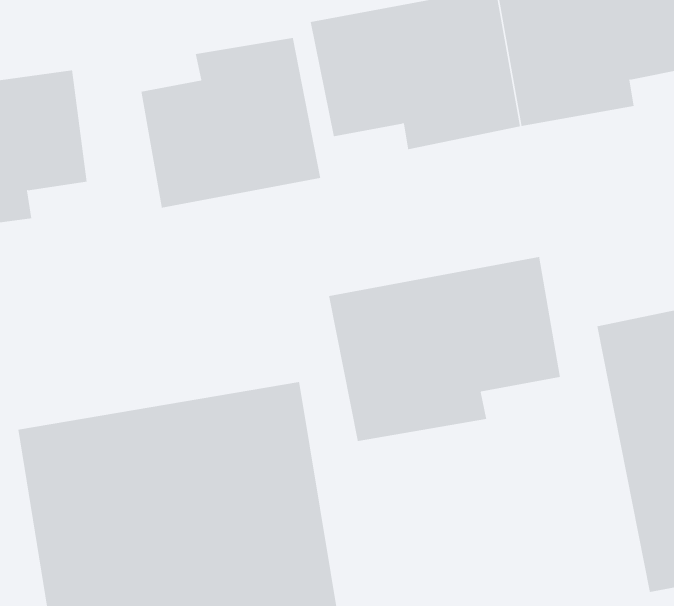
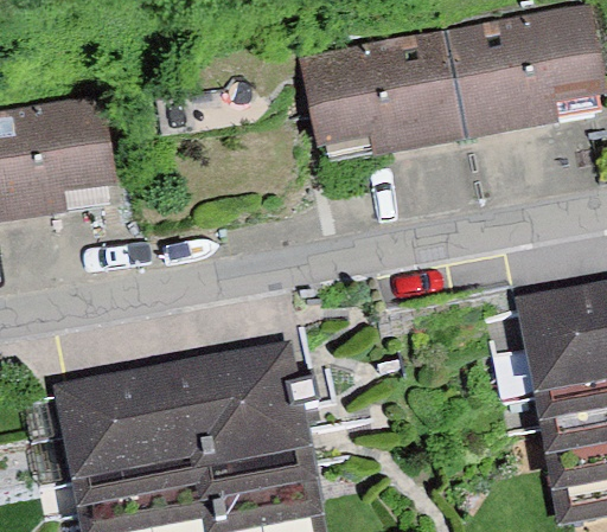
building: [141,37,321,208] -> none
building: [328,256,560,442] -> none

